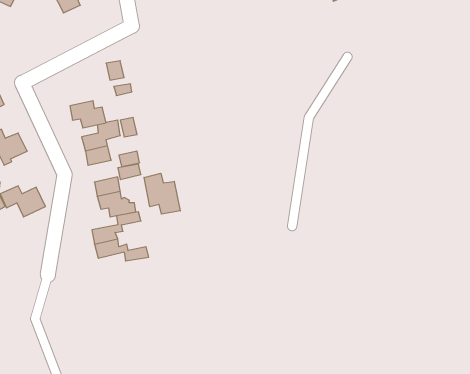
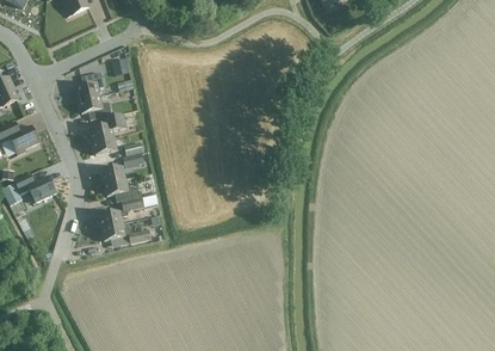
building: none -> [75,72,103,99]
building: [144,173,180,214] -> none

